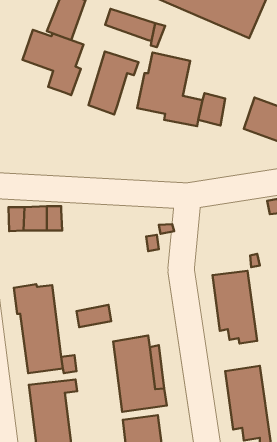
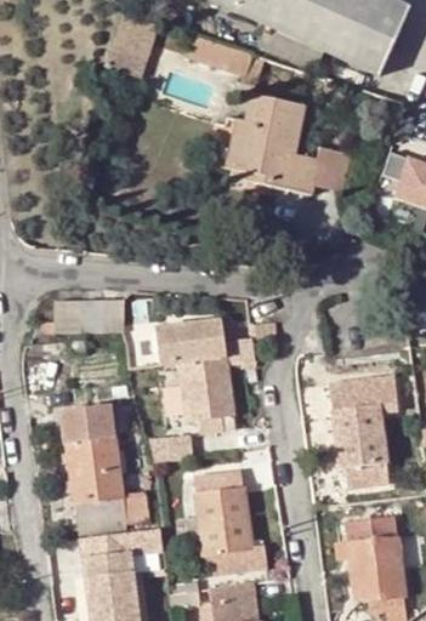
building: [22,30,84,95] -> none
building: [88,51,138,115] -> none
building: none -> [154,321,235,434]

